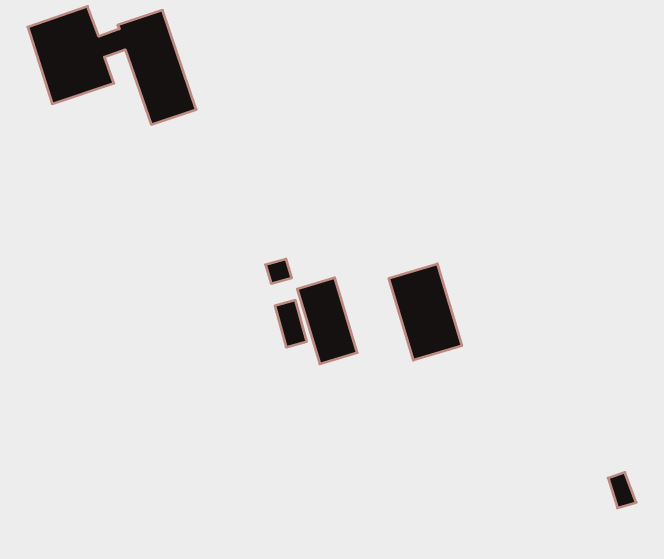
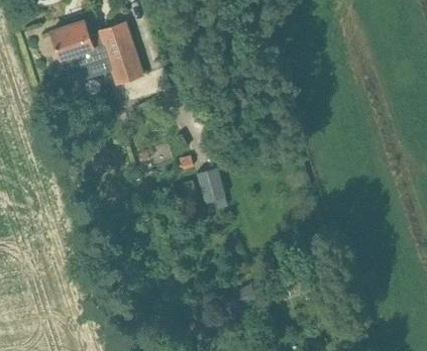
building: [389,264,462,360] -> none

